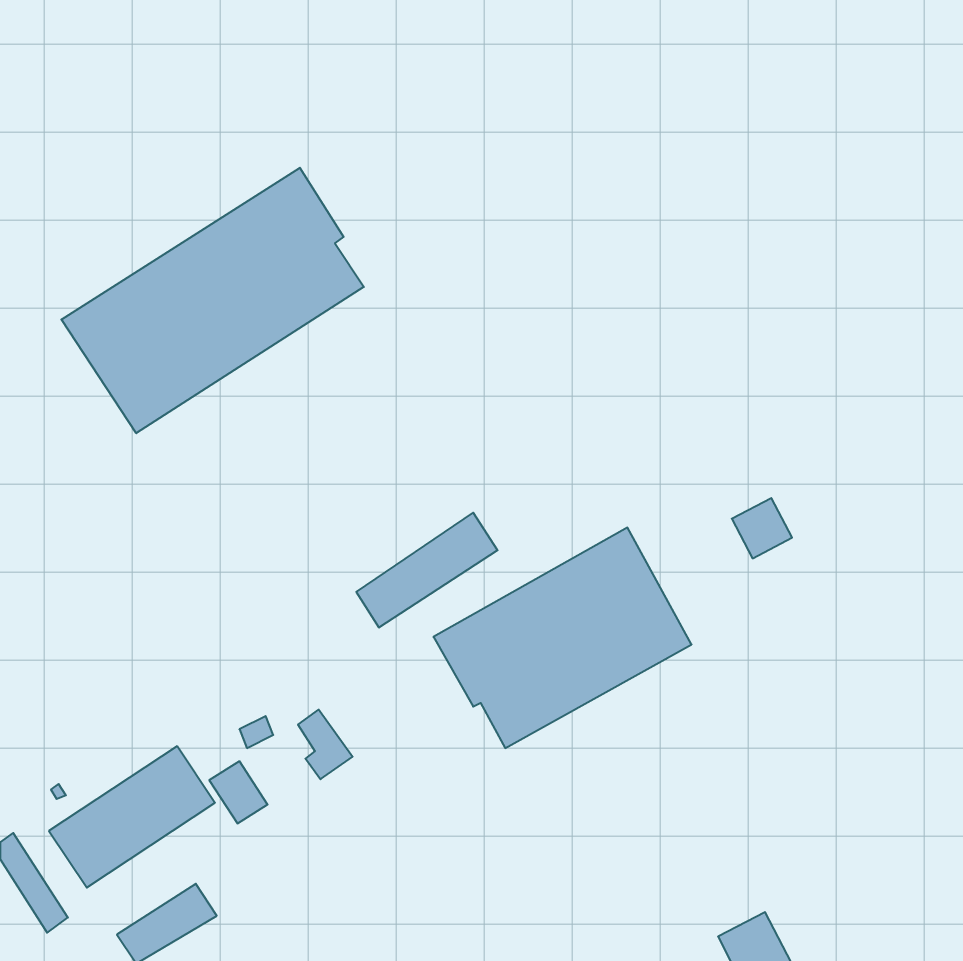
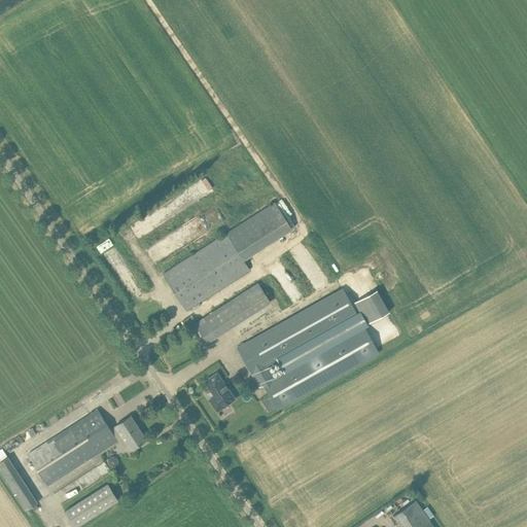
building: [61,168,364,433] -> none
building: none -> [163,203,292,311]
building: [732,498,792,558] -> [355,291,388,324]
building: [298,710,353,779] -> [205,374,235,412]

